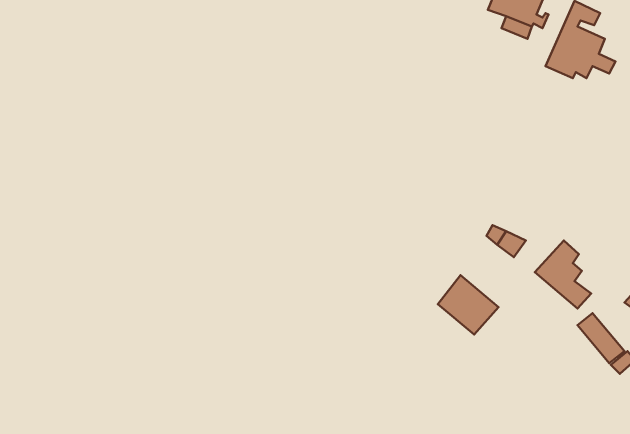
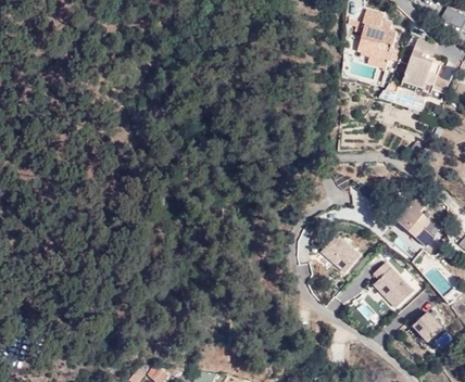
building: none -> [368,260,414,308]
building: none -> [412,309,444,342]

